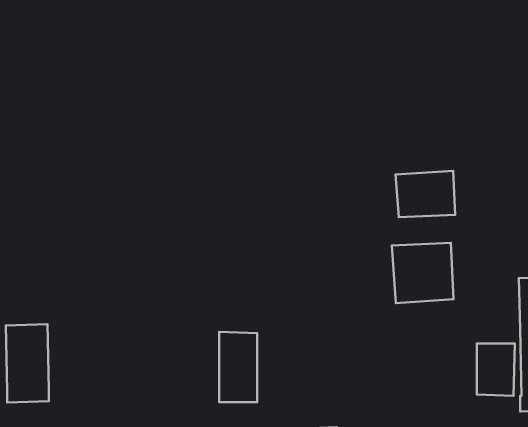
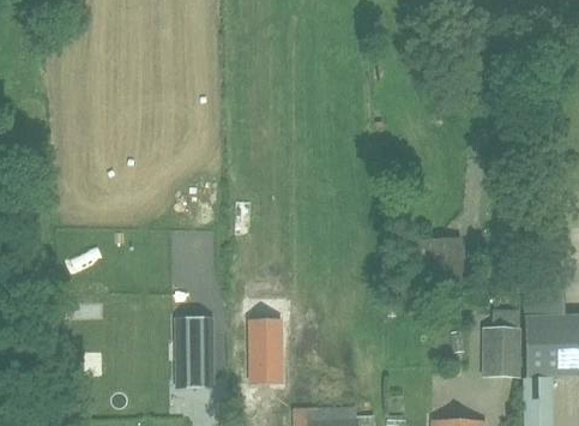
building: [396,171,455,217] -> none
building: [6,324,49,402] -> [174,317,213,389]

